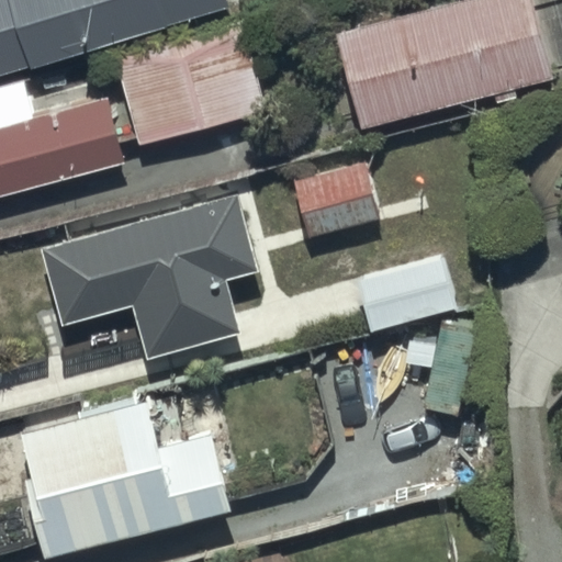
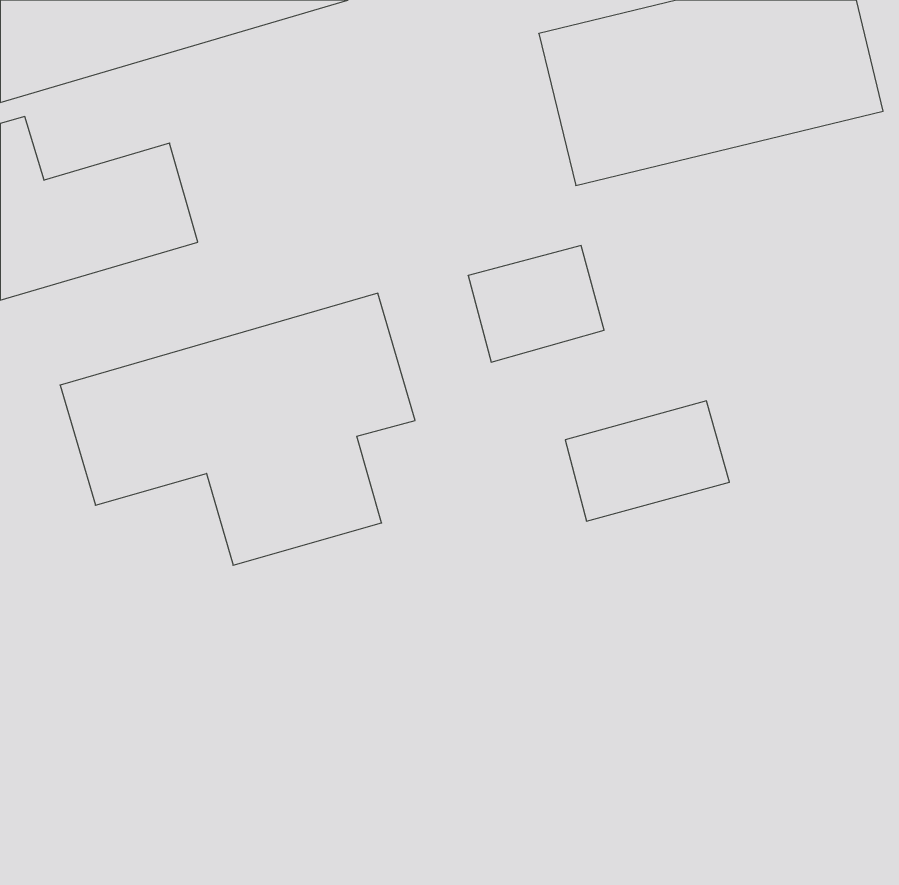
building: [114,22,267,147] -> none
building: [18,397,231,555] -> none

